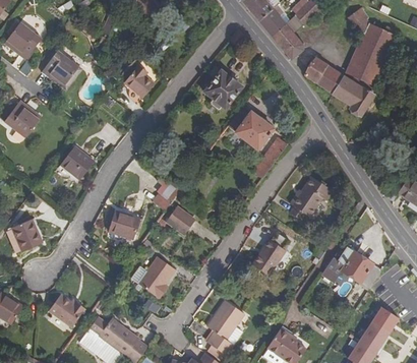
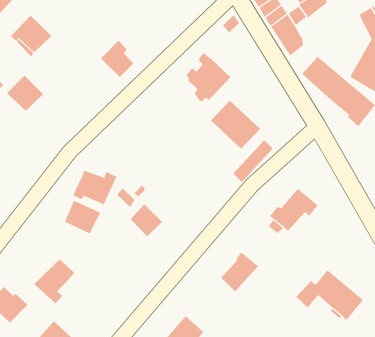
building: [61,145,95,178] -> [6,75,44,112]
building: none -> [73,170,117,205]
building: [138,257,174,298] -> [34,259,75,304]

